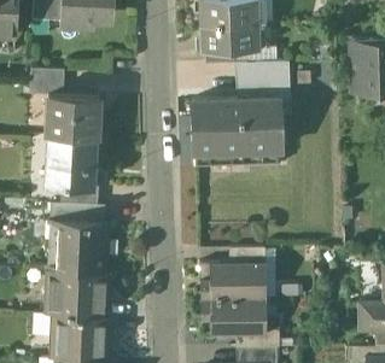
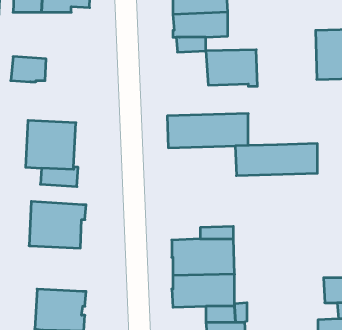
building: [47,93,100,137] -> none
building: [193,96,280,130] -> [235,144,317,176]
building: [51,203,106,224] -> none
building: [47,268,107,316] -> none

